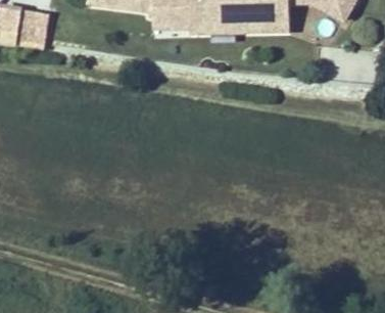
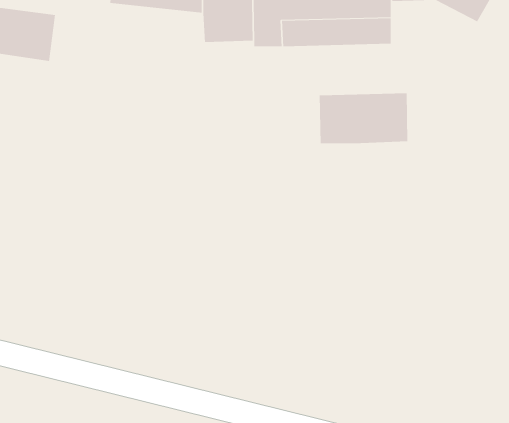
building: none -> [319,93,408,144]

